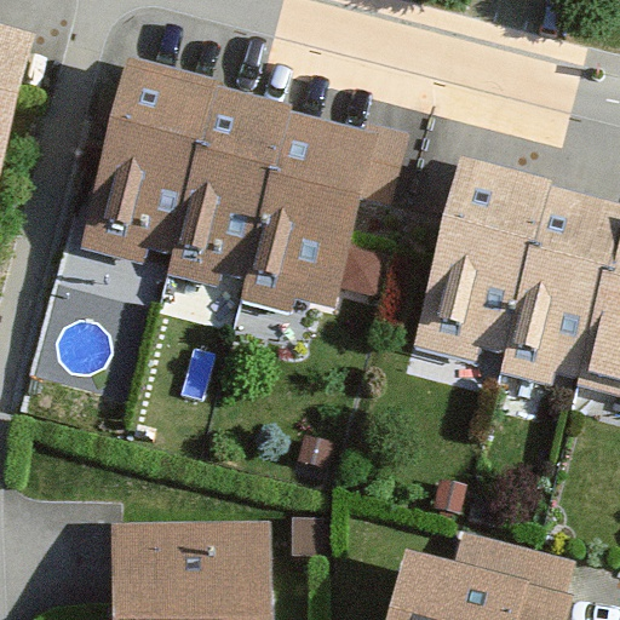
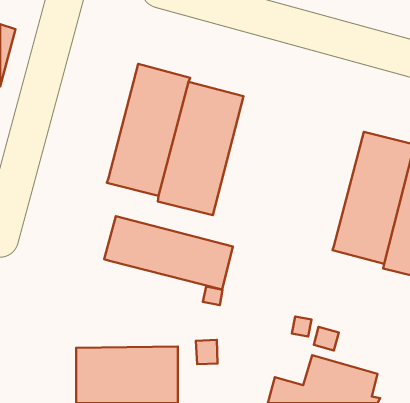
building: [78,67,213,266] -> none
building: [415,167,551,368] -> none
building: none -> [104,216,233,290]

